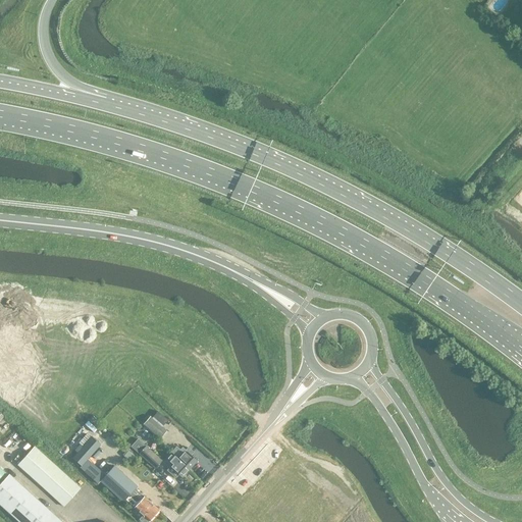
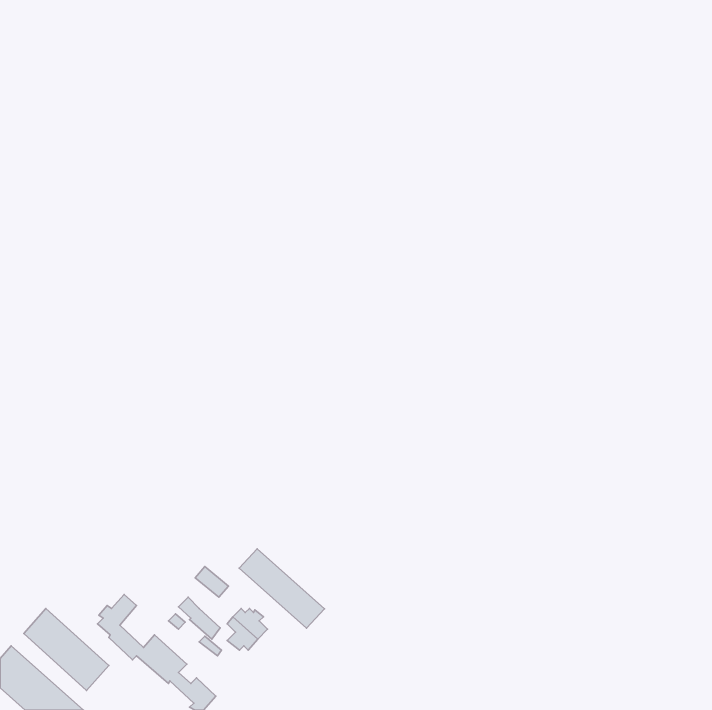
building: none -> [239,549,325,628]

